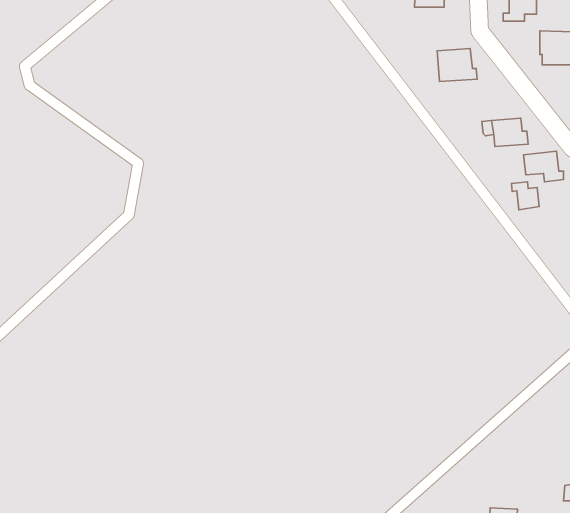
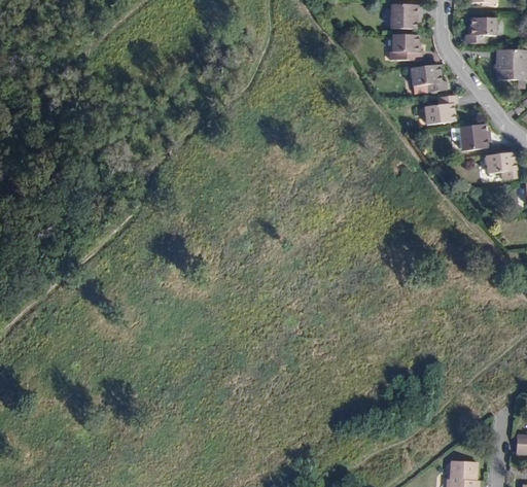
building: none -> [390,34,419,60]
building: none -> [420,94,453,124]
building: [511,182,539,210] -> none

